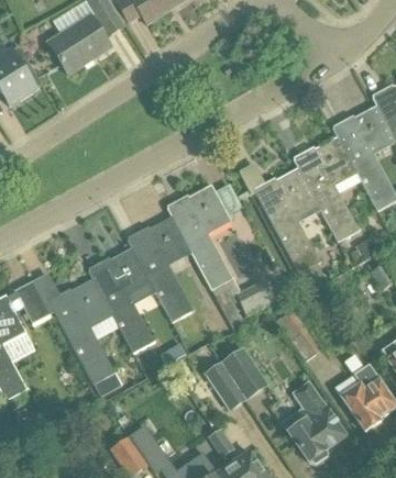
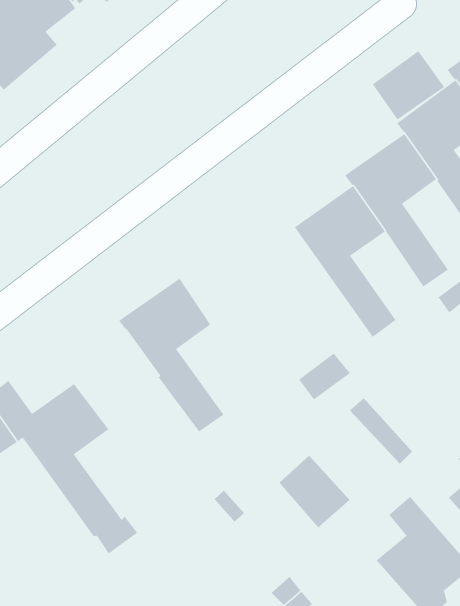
building: none -> [372,50,445,121]
building: [167,184,244,327] -> none
building: [88,245,152,352] -> none
building: [205,362,245,408] -> none

